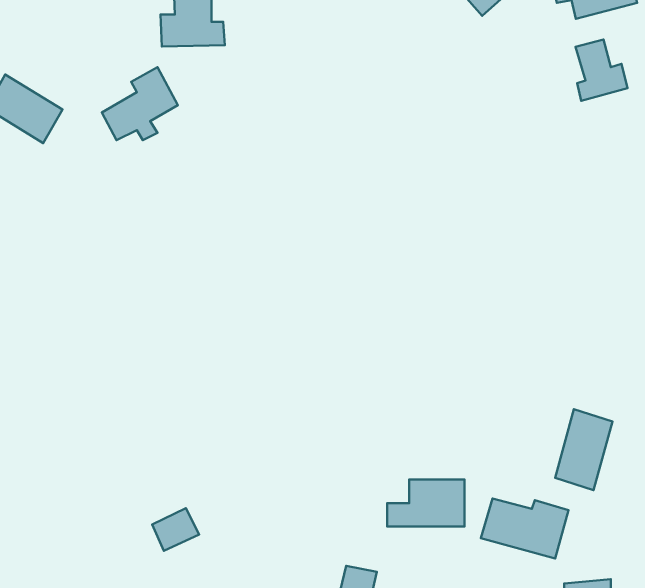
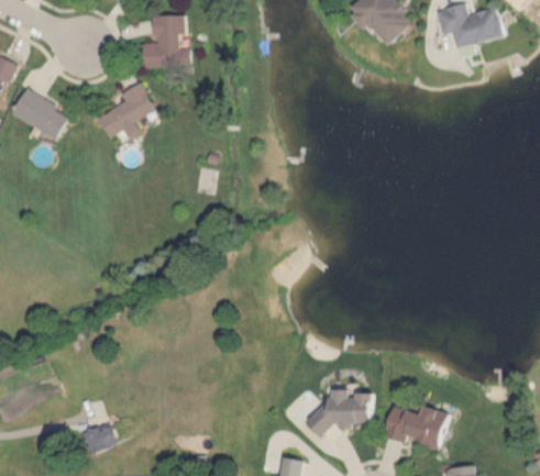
building: [575,40,627,101] -> none
building: [555,409,612,490] -> none
building: [152,508,199,551] -> [81,423,117,455]

